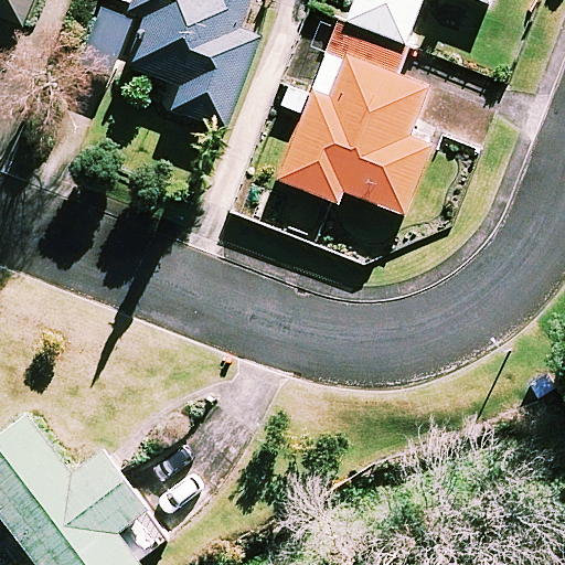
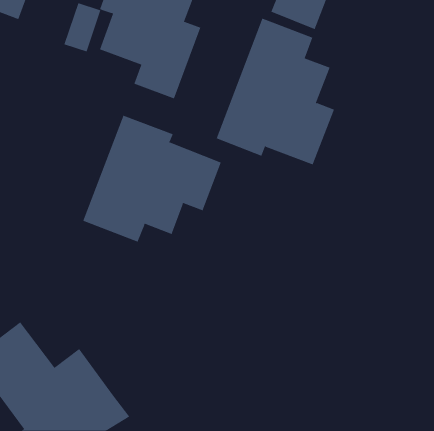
building: none -> [82,115,222,242]

